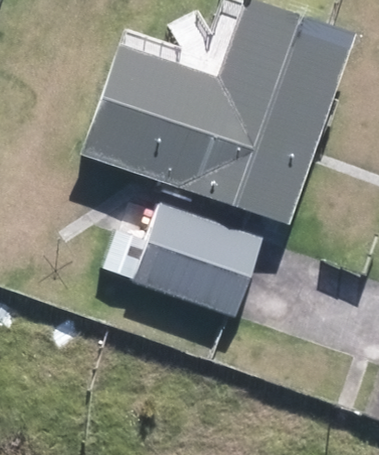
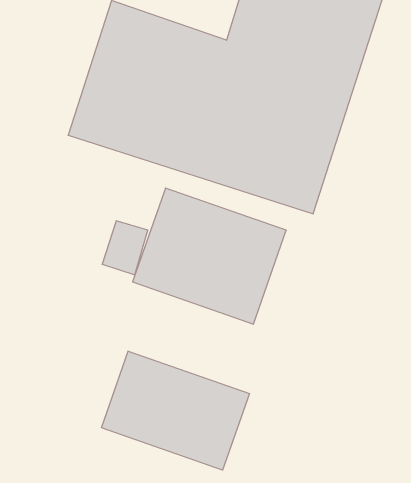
building: none -> [101,351,249,470]

